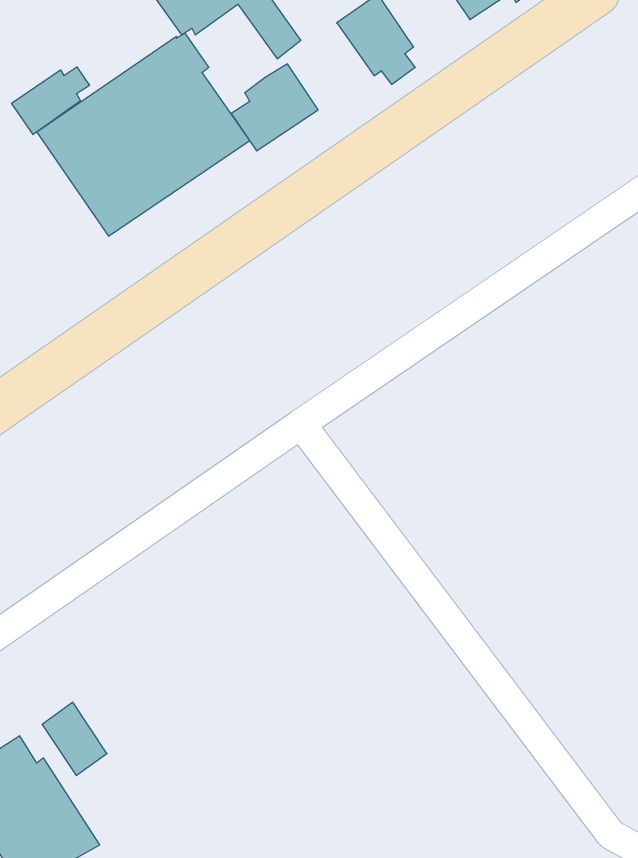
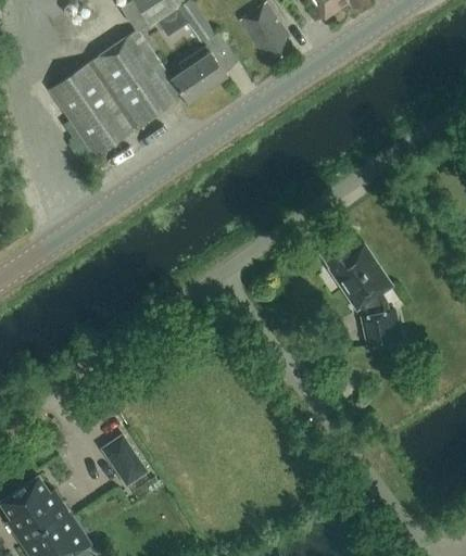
building: [12,67,89,135] -> none
building: none -> [322,238,402,348]
building: [42,702,107,776] -> [103,435,144,482]

